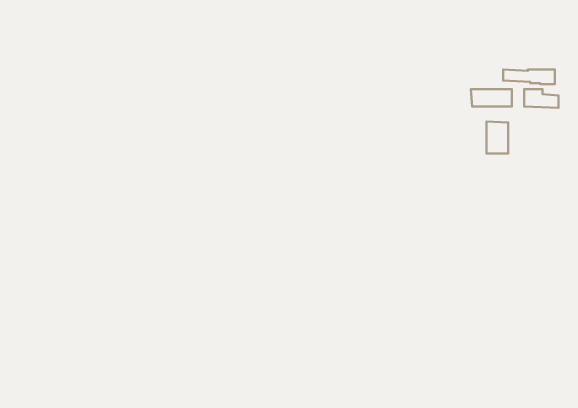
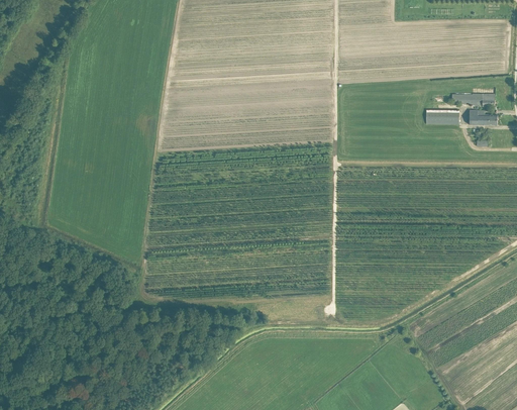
building: [486,122,508,153] -> none

